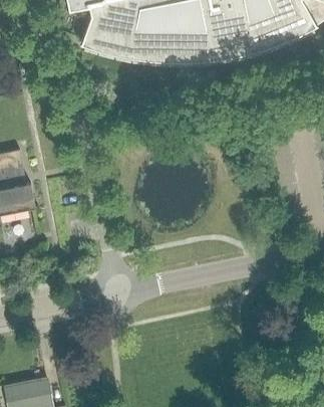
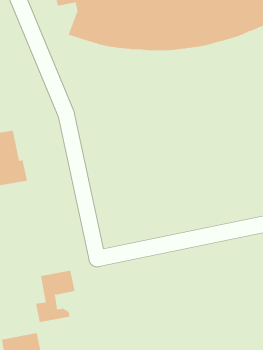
building: none -> [36,270,75,323]

